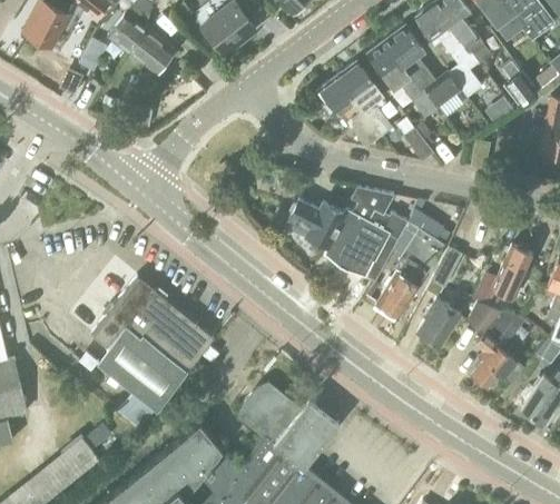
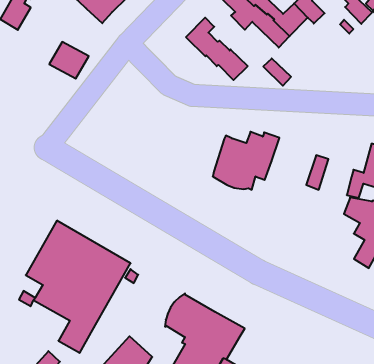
building: [127,28,174,72] -> [49,42,89,79]
building: [344,62,392,135] -> none
building: [352,189,393,223] -> none
building: [285,200,344,249] -> none
building: [377,210,443,316] -> none
building: [416,299,461,348] -> none

